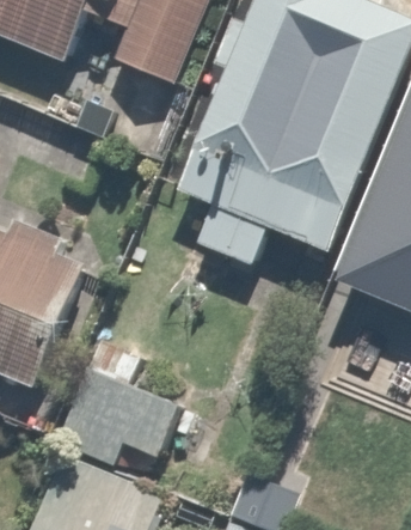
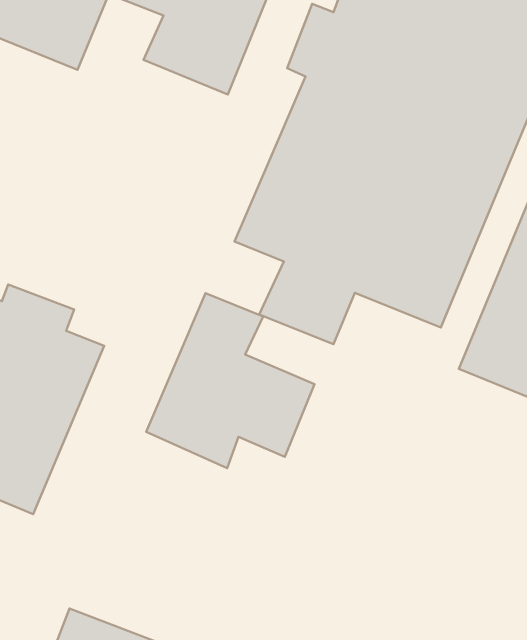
building: [59,339,180,465] -> [146,293,315,468]

